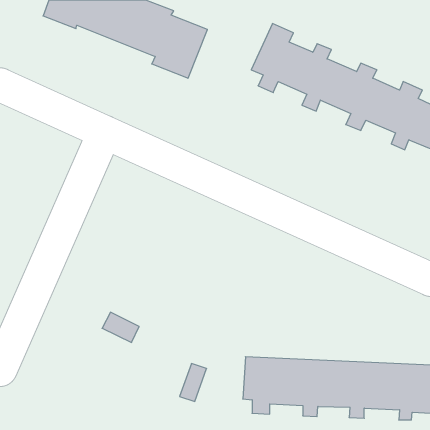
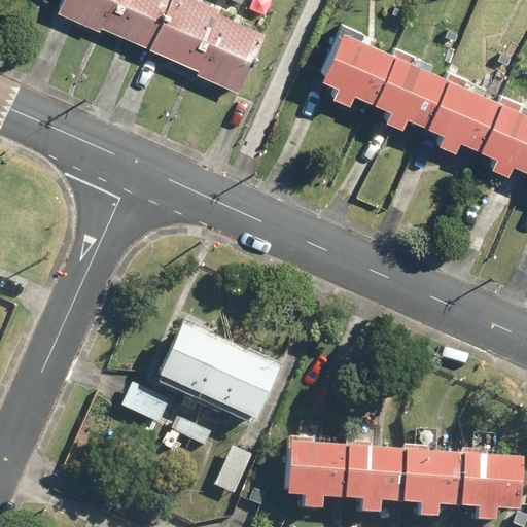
building: none -> [170,322,286,411]

